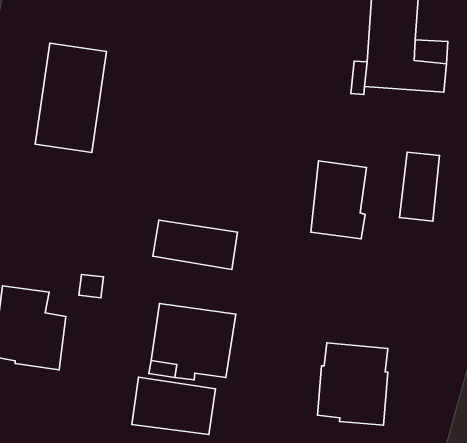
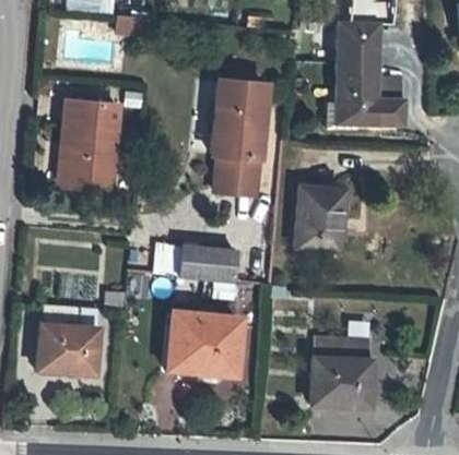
building: none -> [213,80,266,194]
building: [399,152,439,221] -> none
building: [132,377,215,435] -> none

